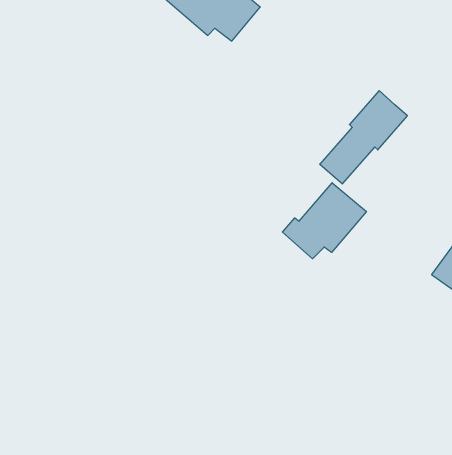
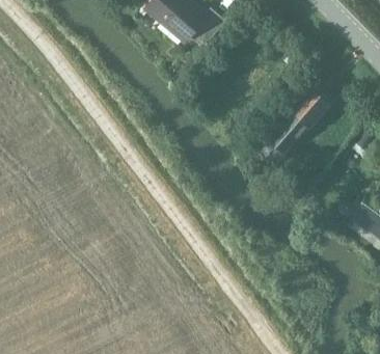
building: [282,183,366,259] -> none

